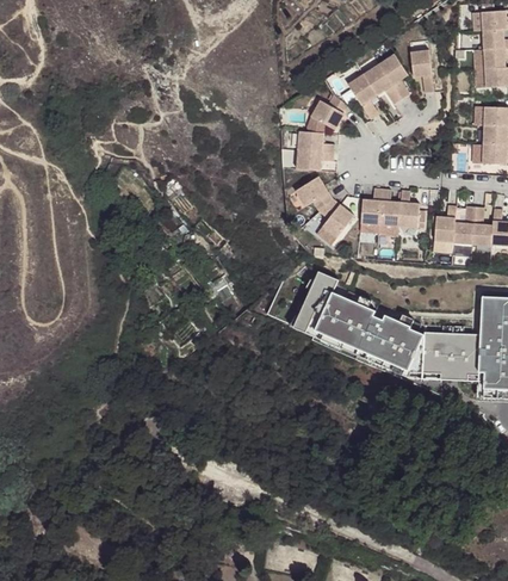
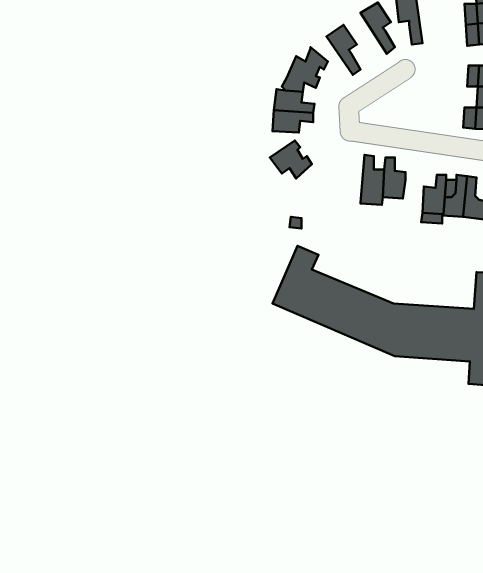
building: [363,61,402,103] -> none
building: [360,190,382,233] -> none
building: [317,198,354,243] -> none

